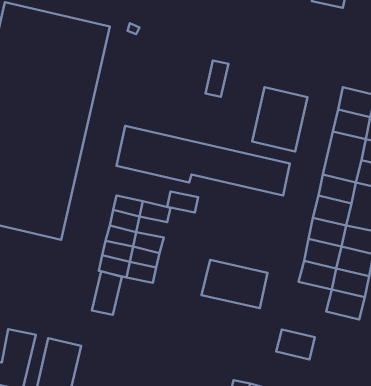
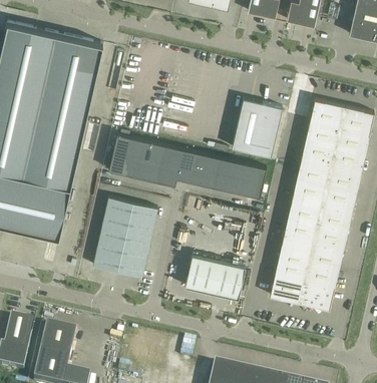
building: [205,60,228,97] -> none
building: [167,192,198,213] -> [126,217,154,236]
building: [92,271,122,315] -> none
building: [276,330,315,359] -> [269,276,304,303]

